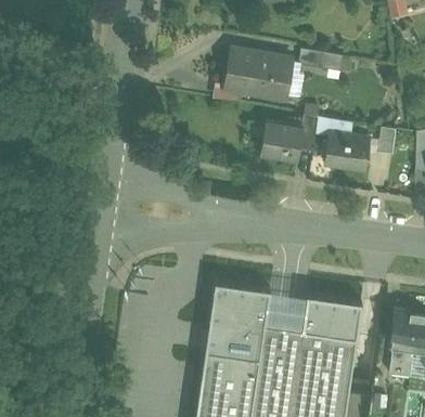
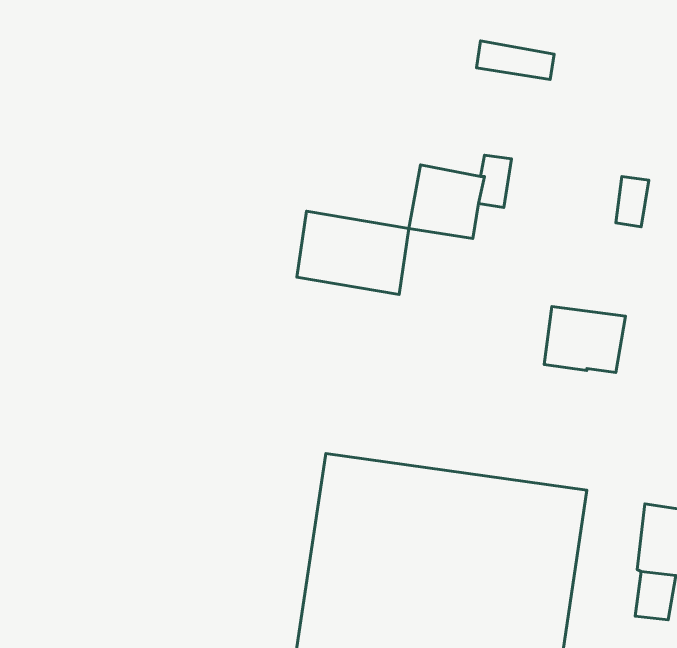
building: [229,53,292,100] -> [297,211,409,295]
building: [325,132,371,169] -> [544,306,626,372]

